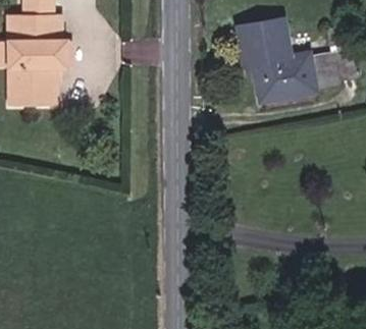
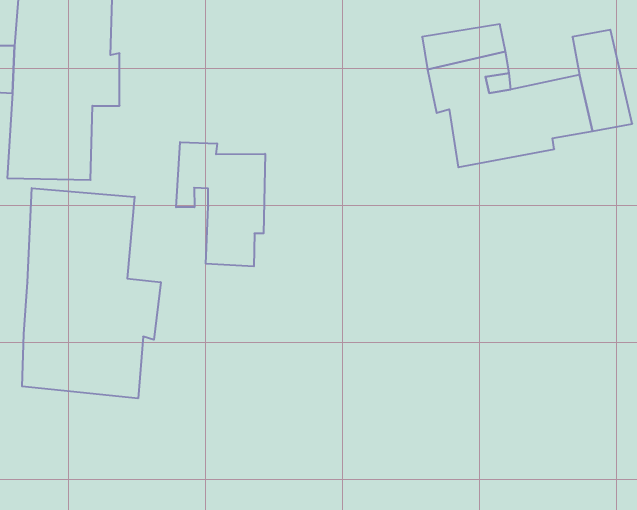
building: none -> [176,142,265,266]
building: none -> [22,188,161,398]

